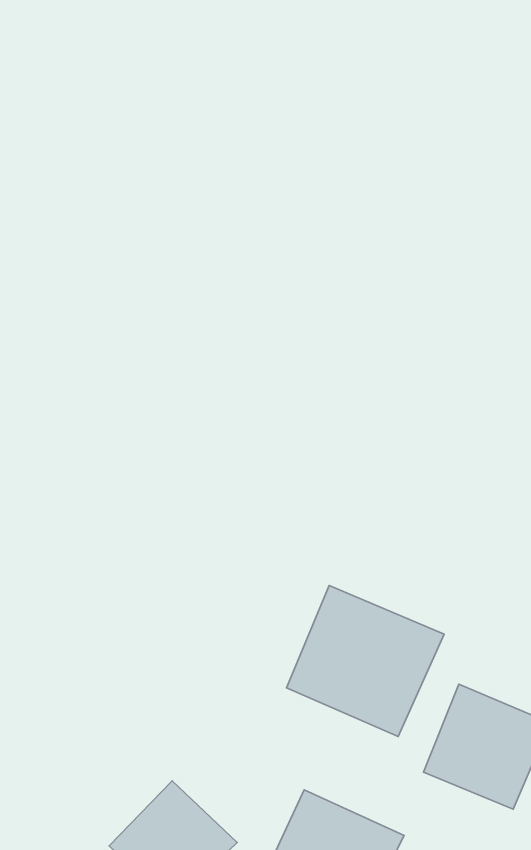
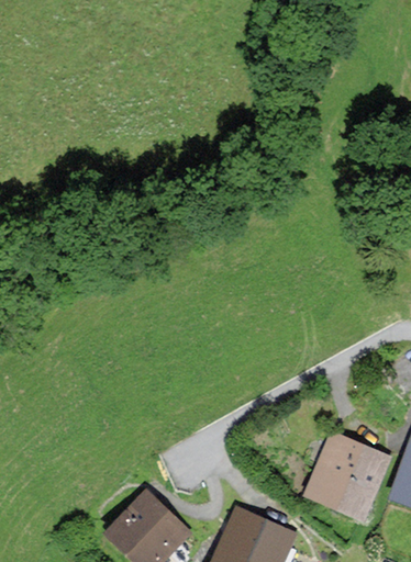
building: [287,586,444,736] -> none

